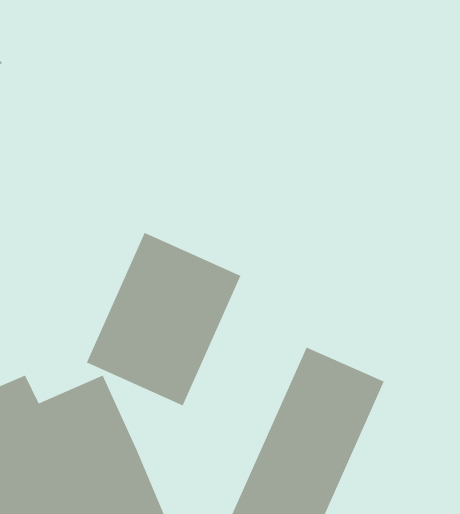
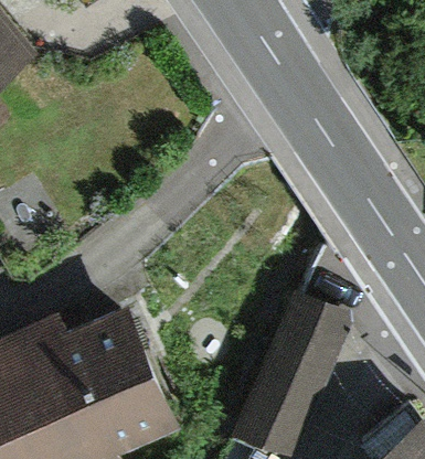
building: [86,232,241,406] -> none

